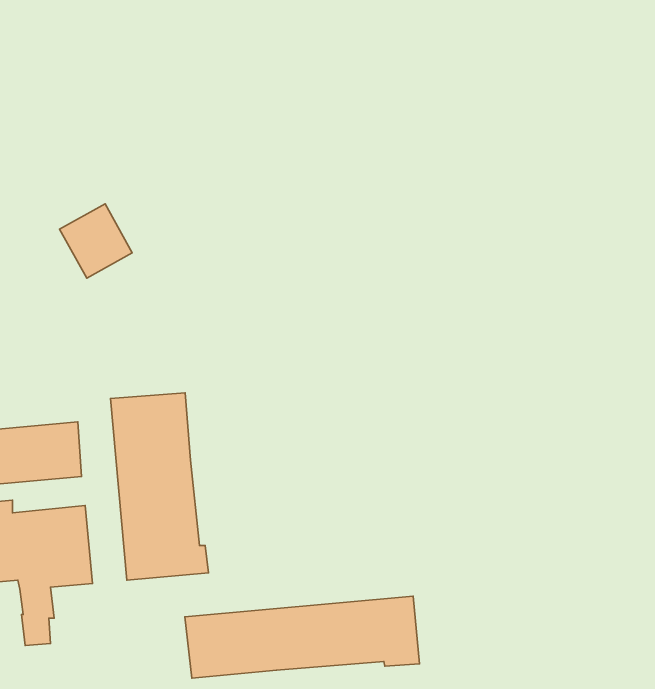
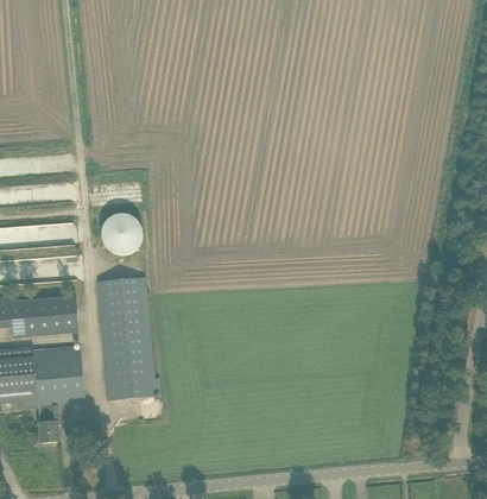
building: [60,204,132,278] -> [102,209,150,258]
building: [185,596,419,678] -> none

